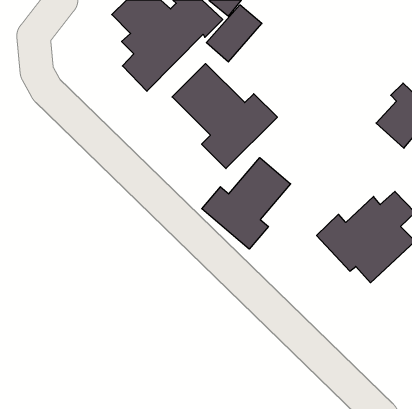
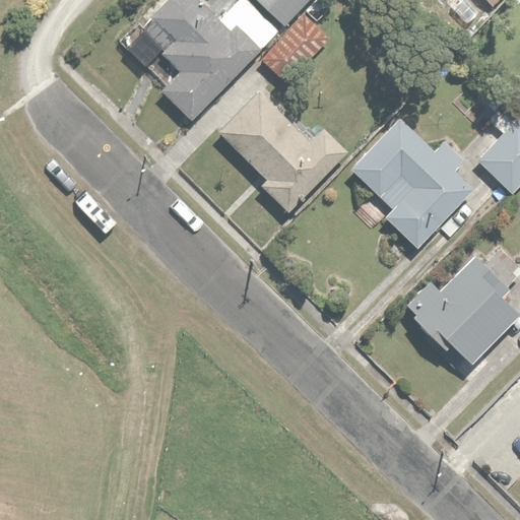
building: none -> [351,118,478,250]
building: [202,158,291,249] -> none

